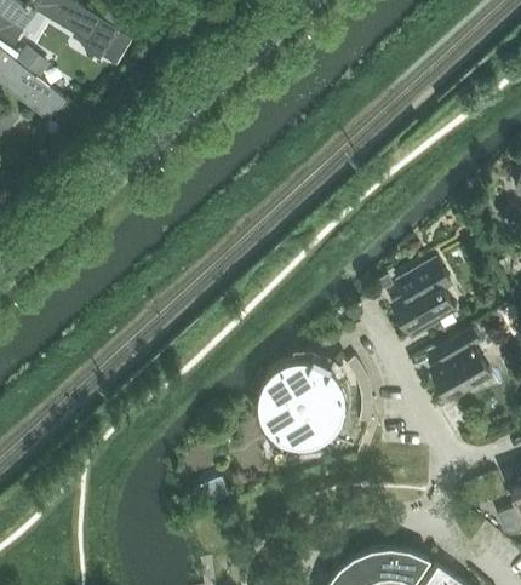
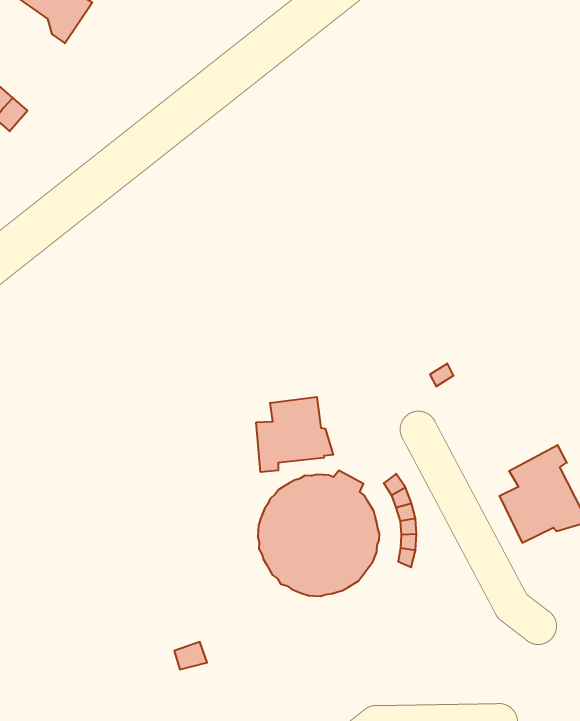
building: [393,259,454,337] -> none
building: none -> [256,397,333,472]

